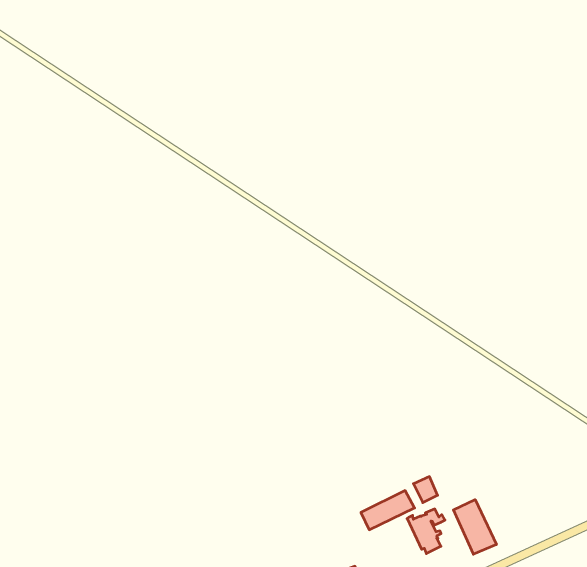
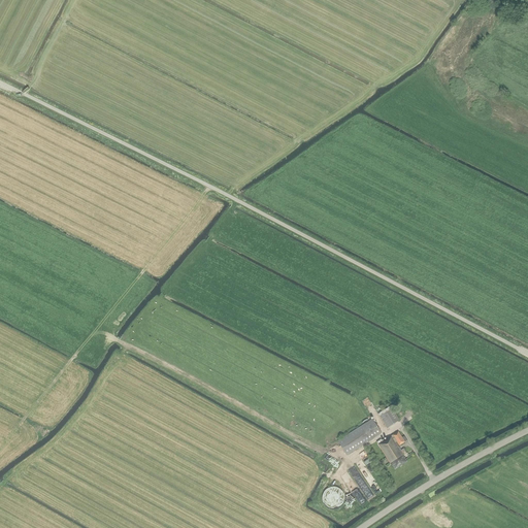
building: [453,500,496,554] -> none

